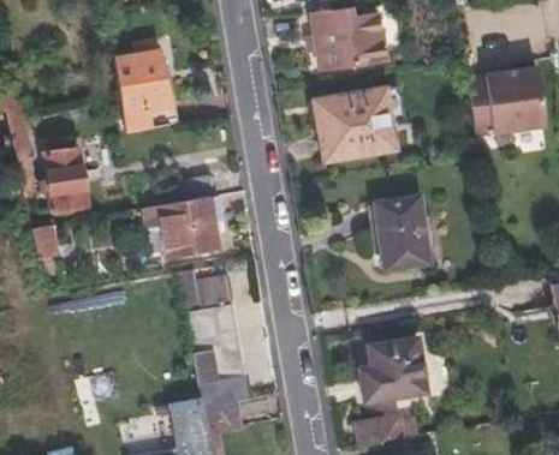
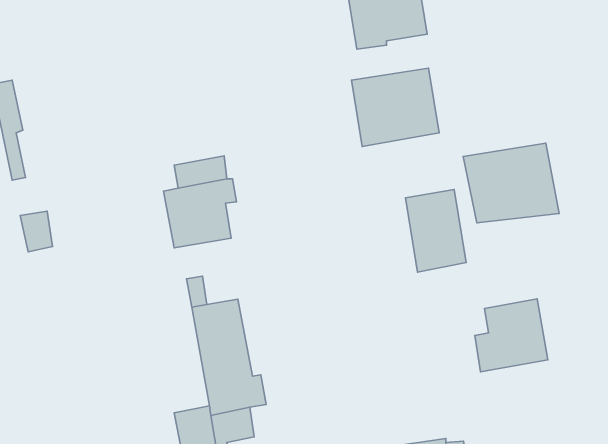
building: [111,38,179,127] -> none
building: [459,64,545,134] -> [463,143,559,223]
building: [43,142,85,205] -> none
building: [370,339,435,403] -> [475,299,548,372]

